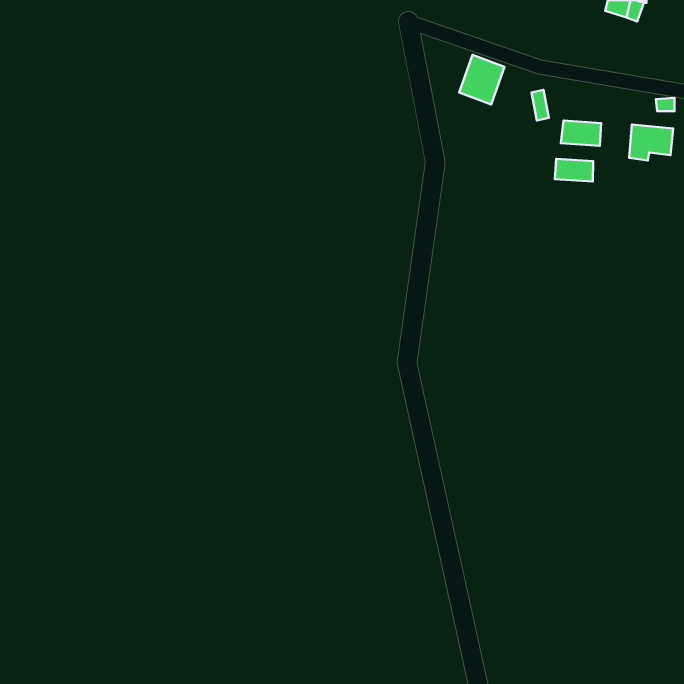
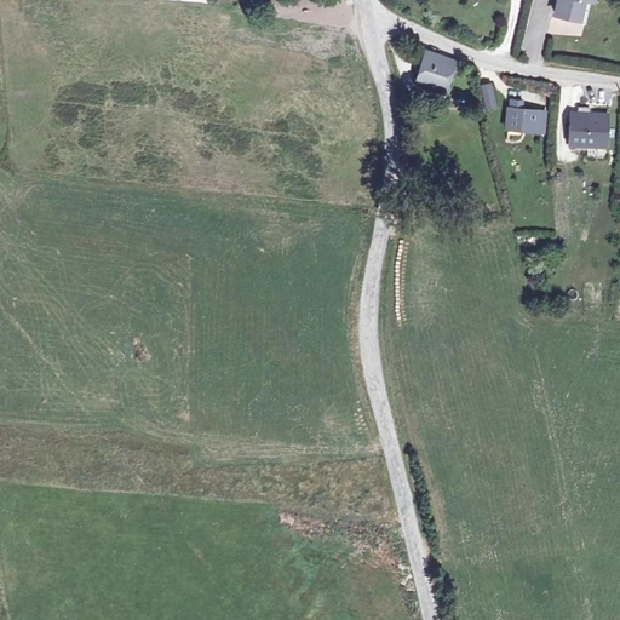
building: [555,159,593,182] -> none

